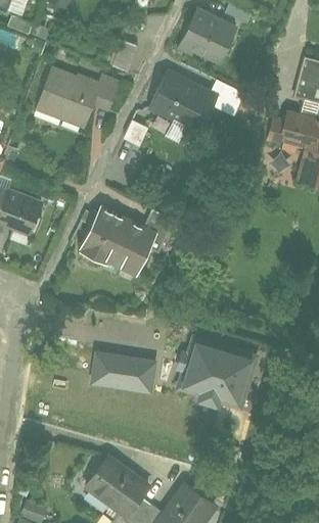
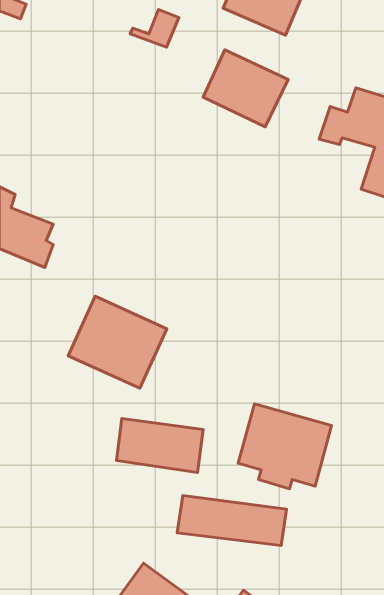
building: [37,65,123,127] -> none
building: [75,206,149,276] -> [68,296,167,388]
building: none -> [177,495,286,545]

